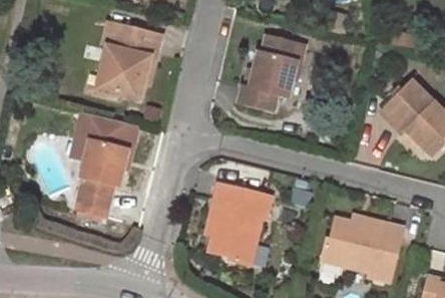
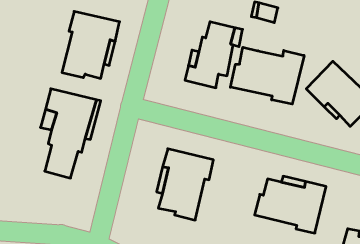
building: none -> [230,47,304,104]

